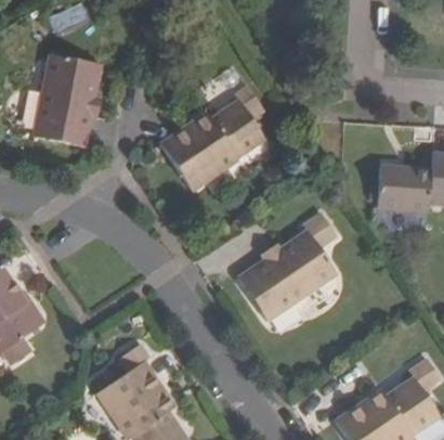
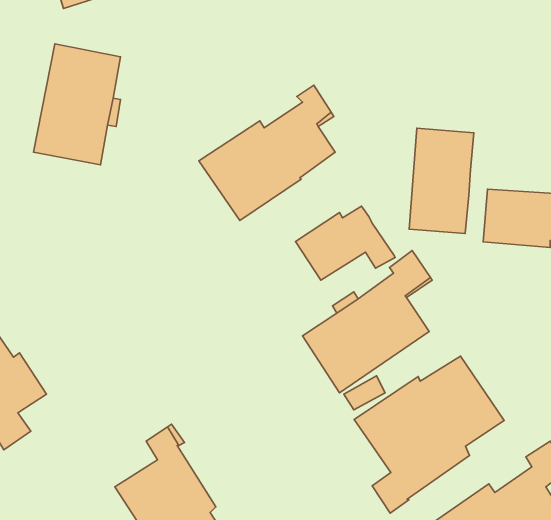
building: none -> [409,128,474,234]
building: none -> [295,206,395,280]
building: none -> [354,356,504,513]

